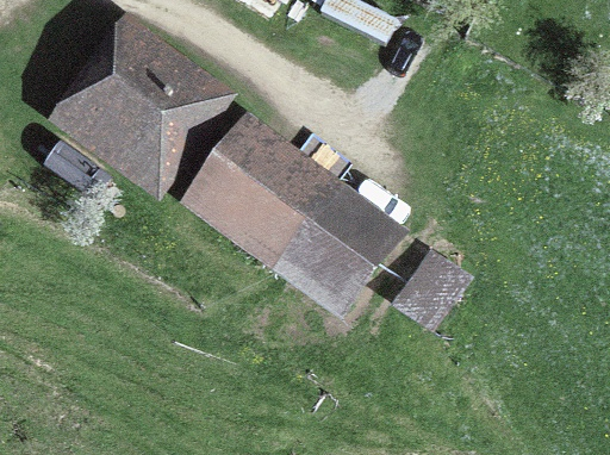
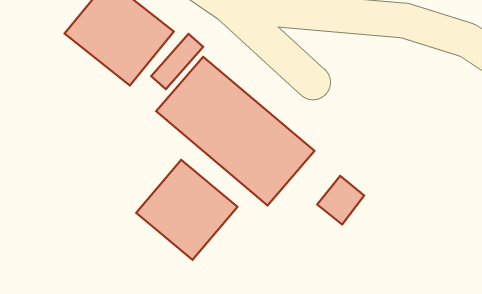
building: none -> [136,160,237,260]

